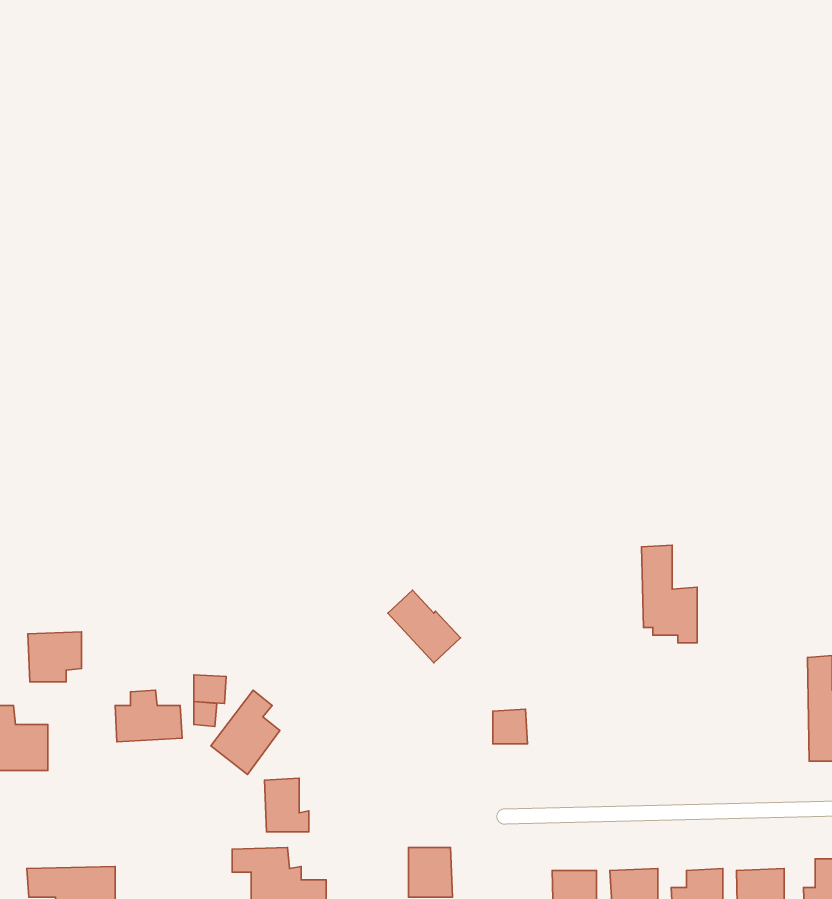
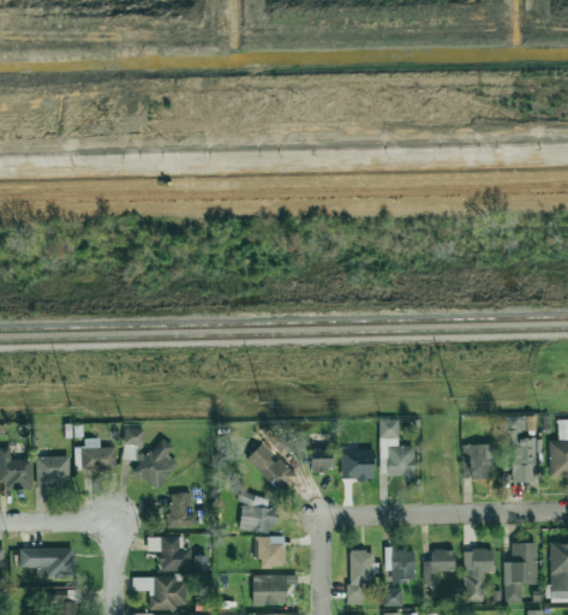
building: [641,545,697,643] -> [379,419,414,480]
building: [388,590,461,663] -> [247,442,293,488]
building: [28,632,82,682] -> [36,455,70,486]
building: none -> [462,444,494,479]
building: none -> [341,450,373,479]
building: none -> [238,491,276,535]

